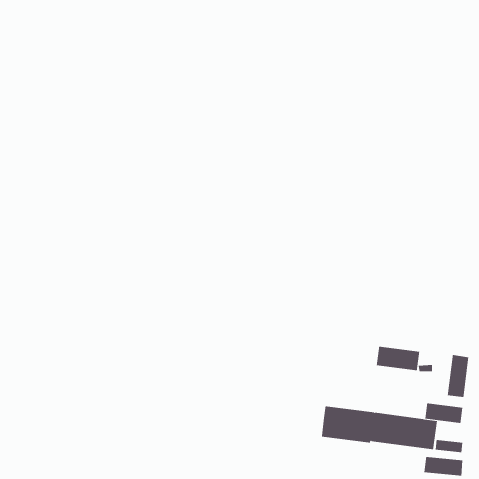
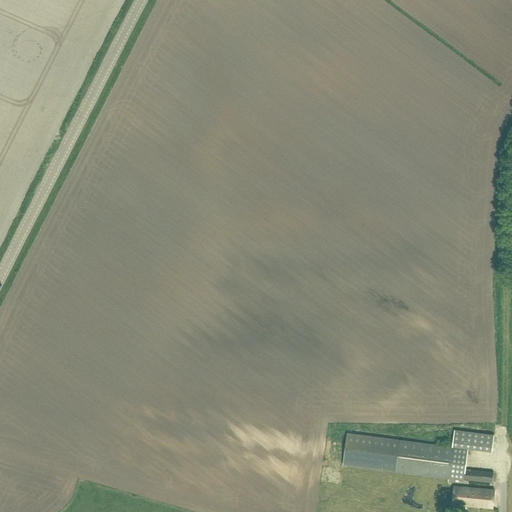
building: [376,346,420,371] -> none
building: [447,354,469,398] -> none

